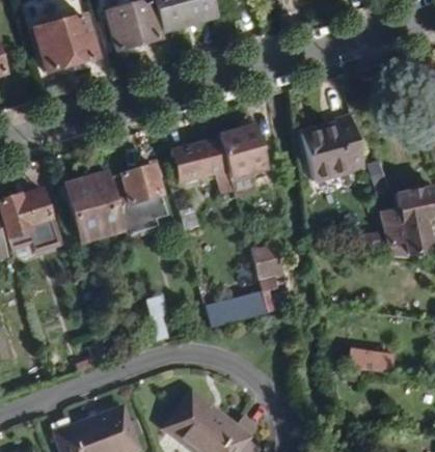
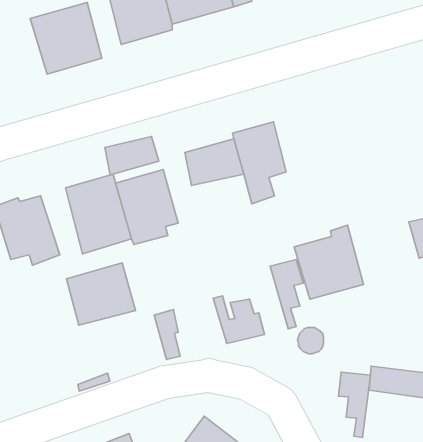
building: [302,112,365,179] -> [294,225,363,299]
building: none -> [105,137,159,175]
building: none -> [67,263,136,325]
building: none -> [338,372,370,437]

